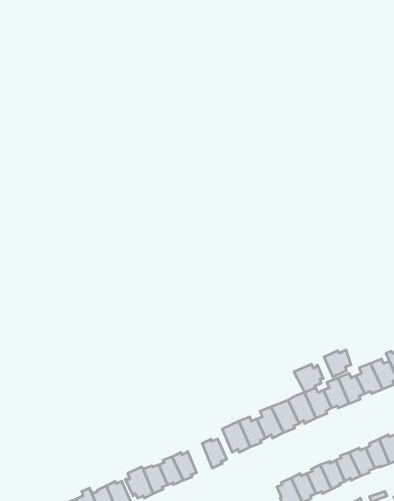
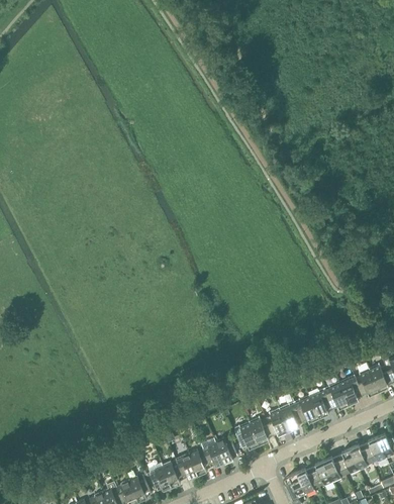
building: [324,350,351,377] -> none
building: [294,364,323,392] -> none
building: none -> [199,433,225,467]

